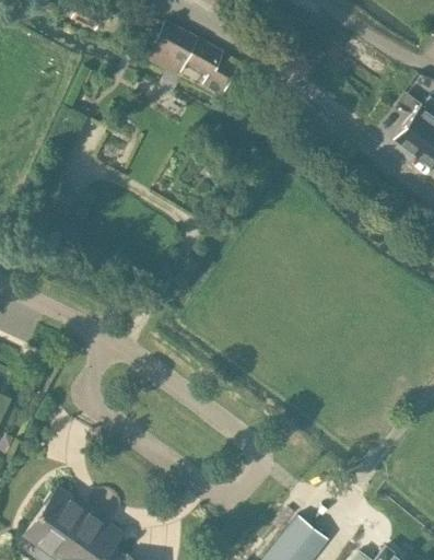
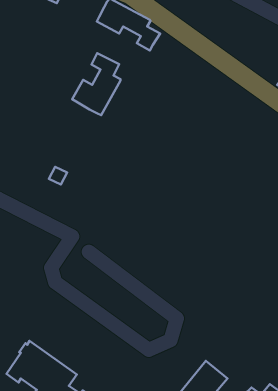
building: none -> [72,53,121,115]

